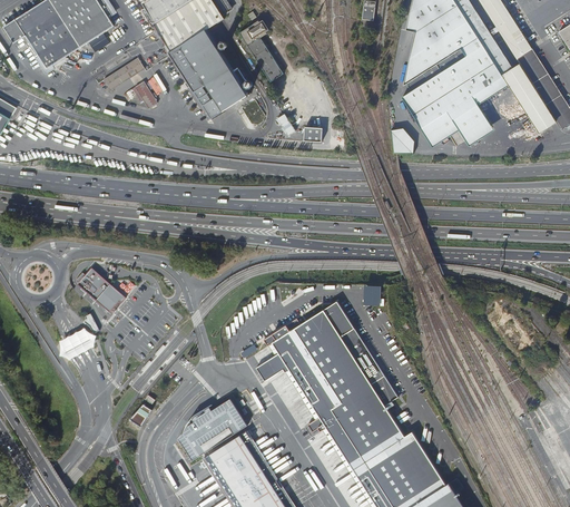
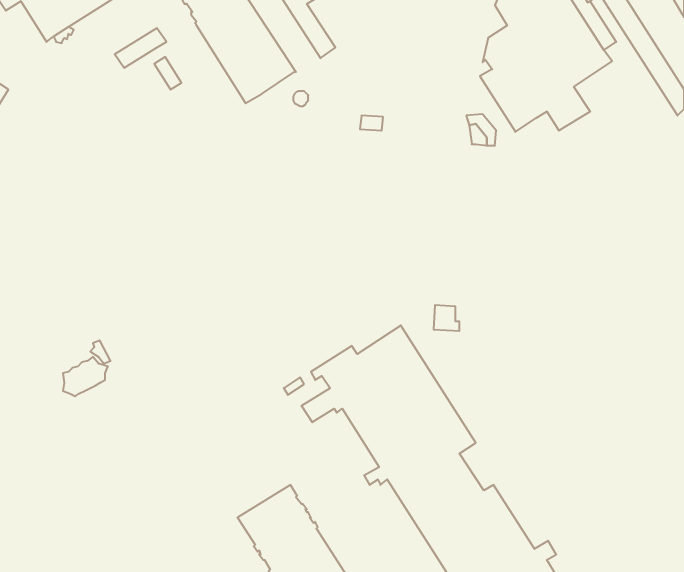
building: [502,66,556,133] -> none
building: [78,266,126,311] -> none
building: [178,394,255,460] -> none

